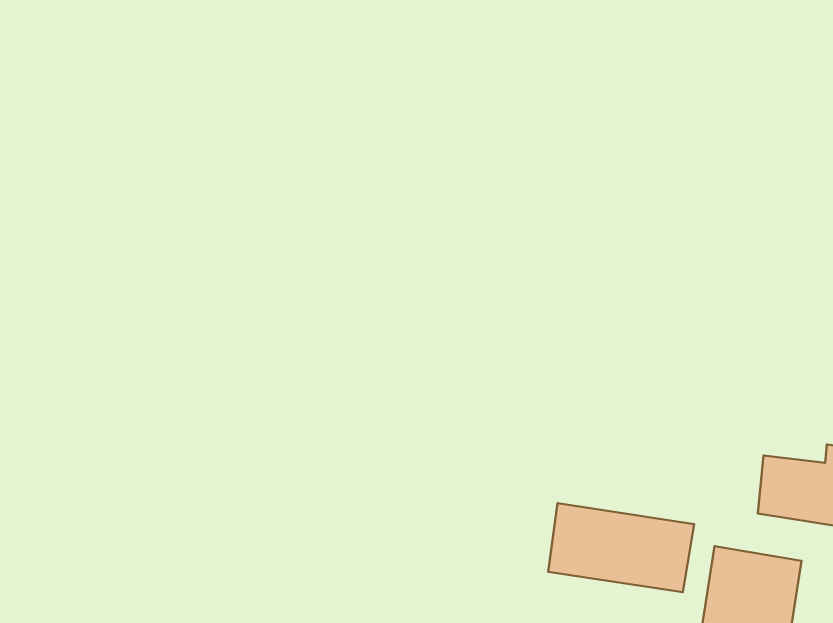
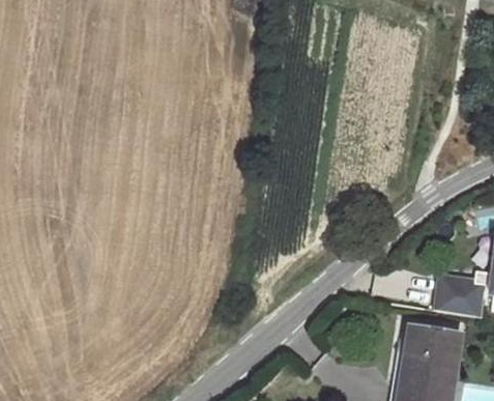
building: [548,503,694,592] -> none

